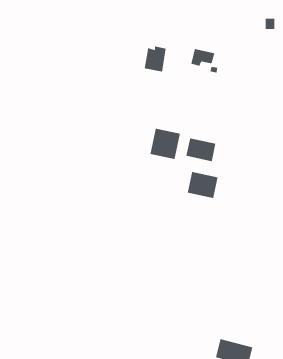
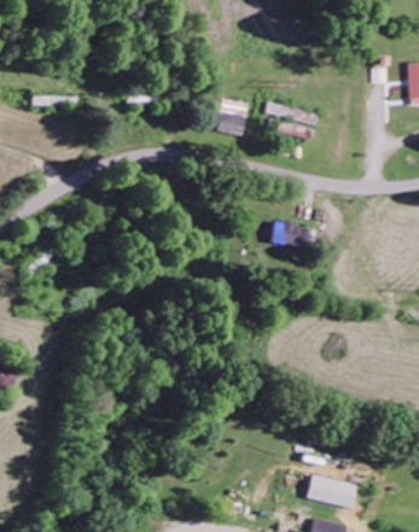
building: [150,128,180,160] -> none
building: [187,171,218,199] -> none

